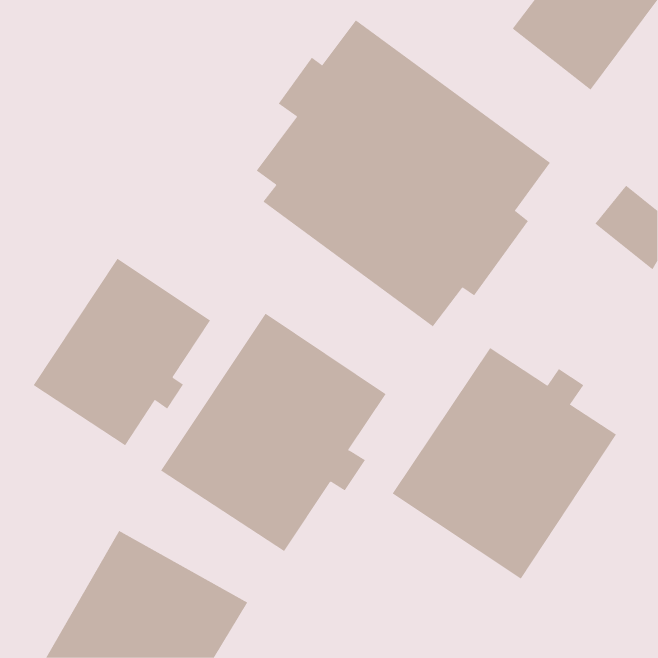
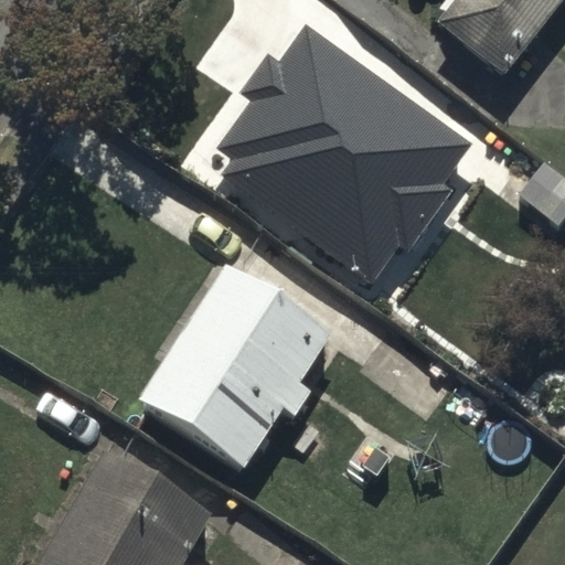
building: [33,258,211,446] -> none
building: [392,347,617,579] -> none

